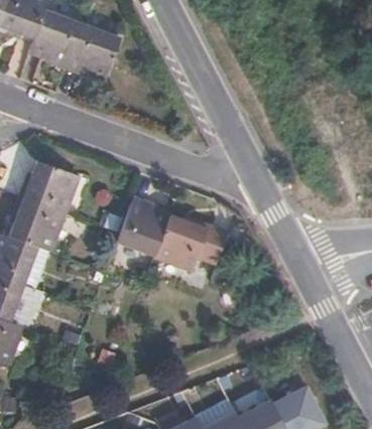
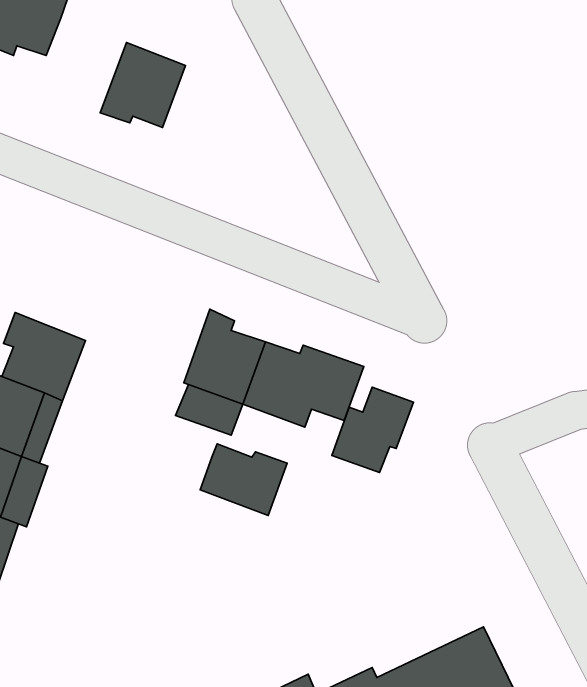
building: [29,12,85,70] -> none
building: [16,156,74,210] -> none
building: none -> [332,387,414,473]
building: none -> [200,444,287,515]

